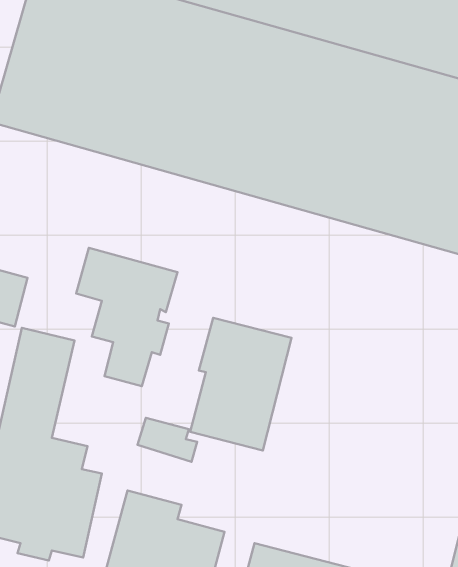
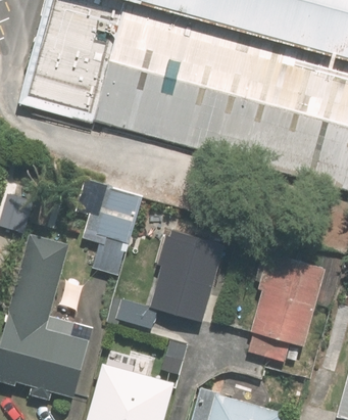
building: none -> [247,256,324,360]

